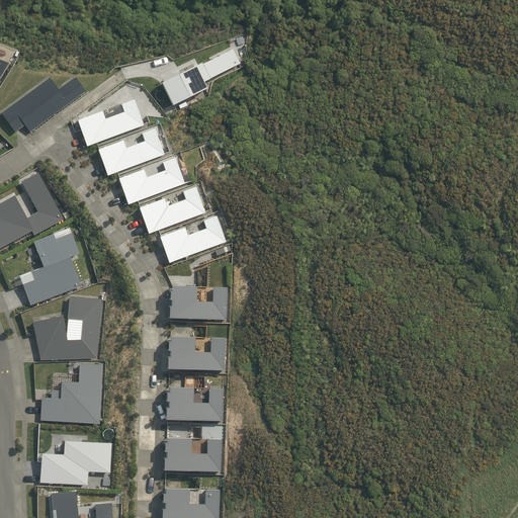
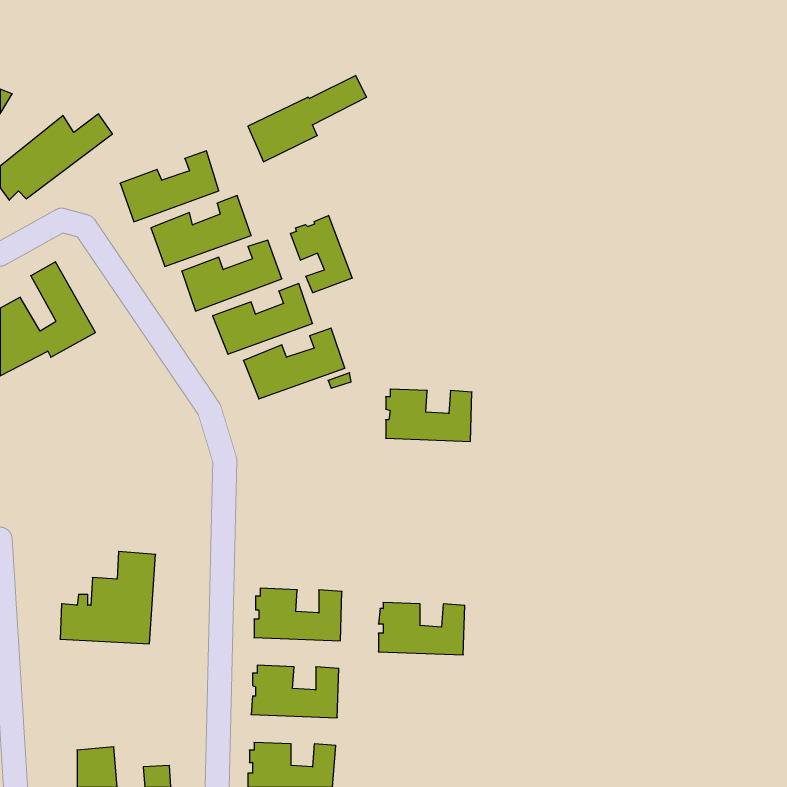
building: none -> [290,215,352,293]
building: [18,228,81,306] -> none
building: [171,285,228,320] -> [386,389,472,441]
building: [32,295,102,360] -> none
building: [169,336,226,370] -> [378,602,465,655]
building: [39,439,111,485] -> none

